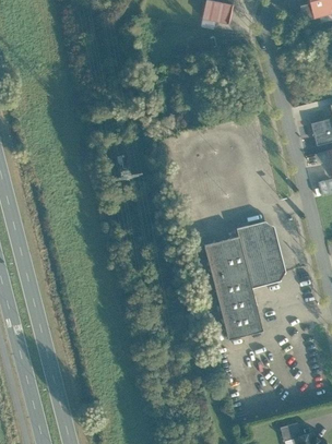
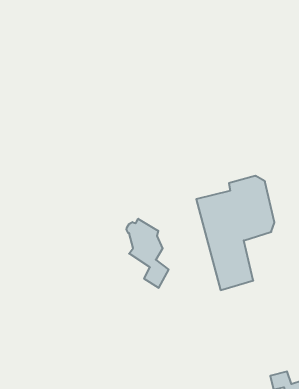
building: none -> [126,219,169,288]

